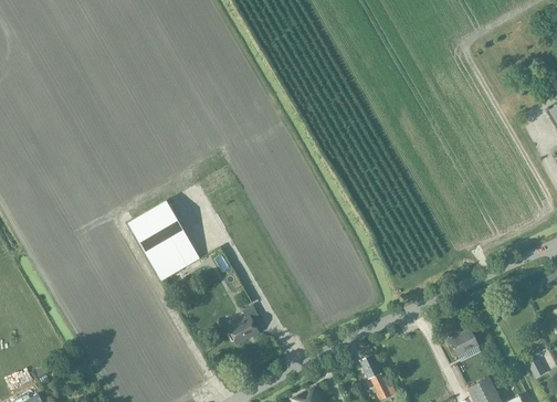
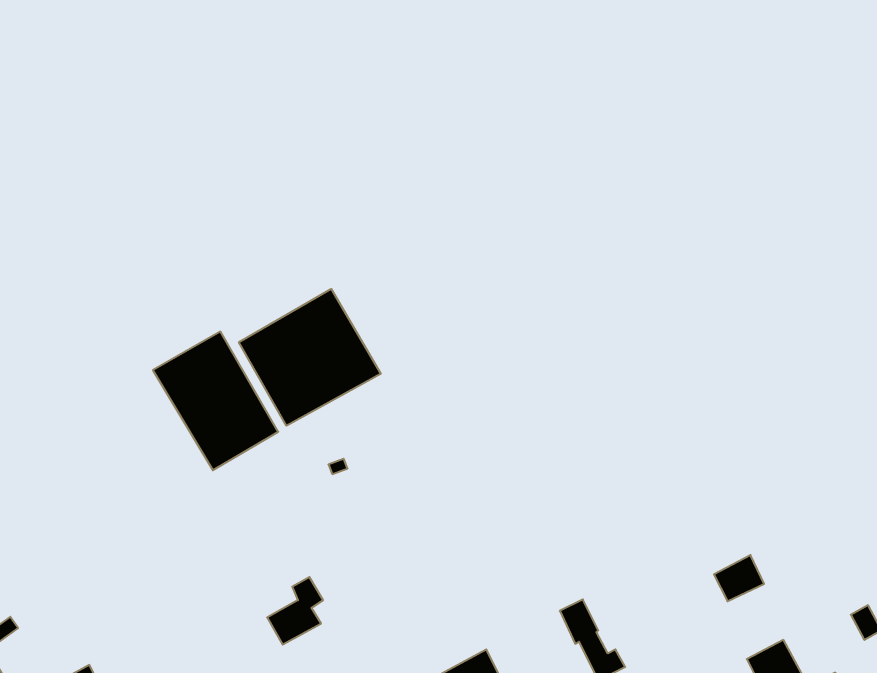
building: none -> [239,289,381,426]
building: [228,307,260,346] -> [267,577,323,645]

